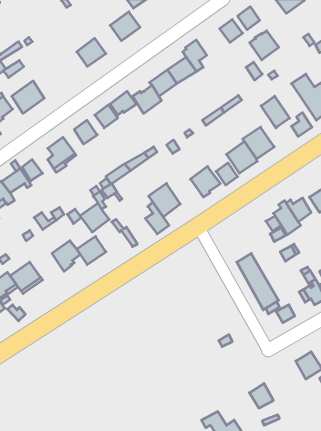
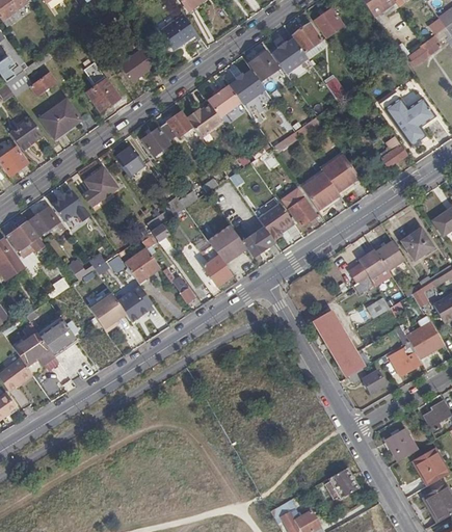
building: [250,31,279,60] -> [272,38,308,74]
building: none -> [79,56,118,111]
building: [261,96,290,128] -> none
building: none -> [241,227,274,257]

